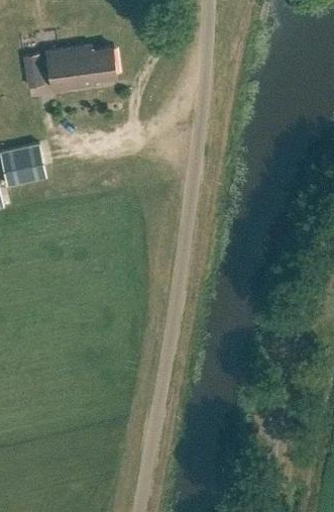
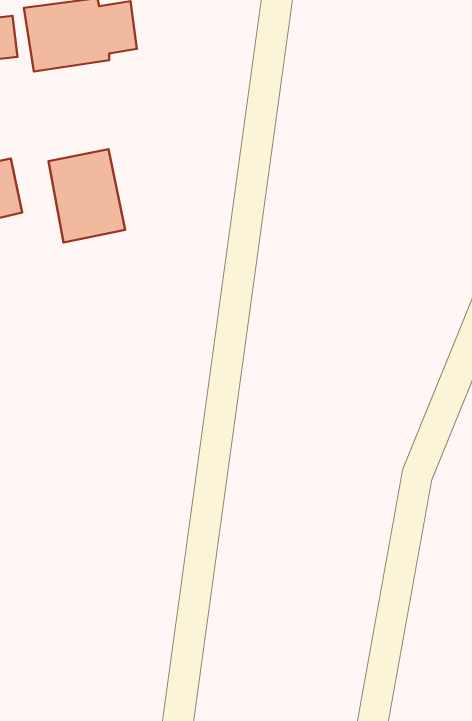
building: none -> [48,149,125,242]

